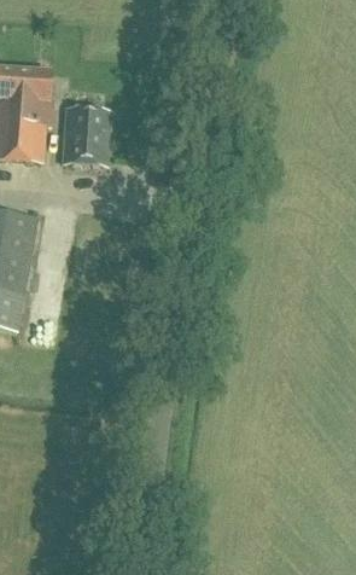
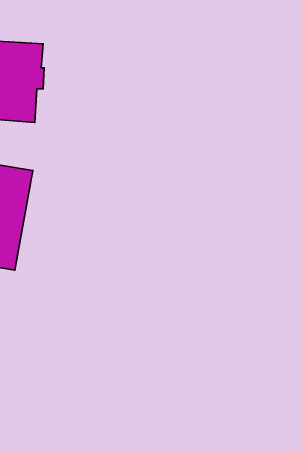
building: [63,105,111,165] -> none

